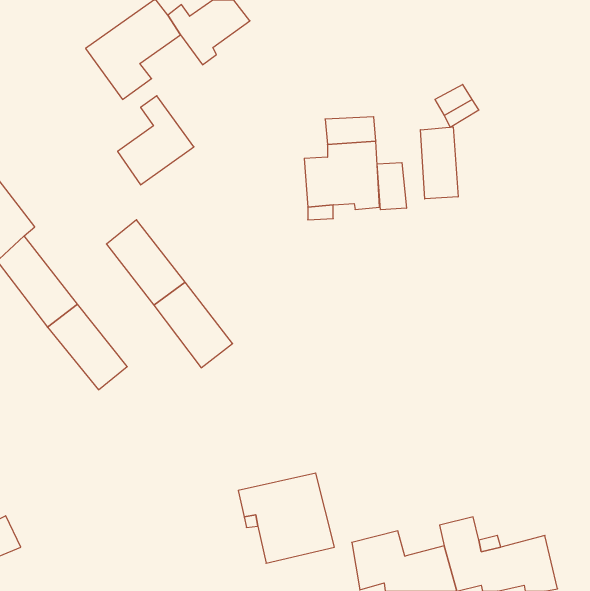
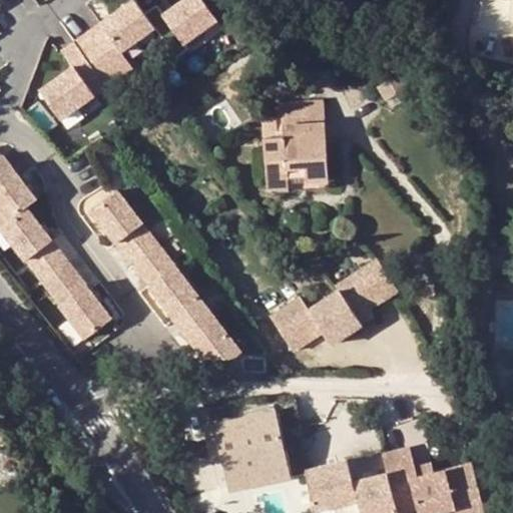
building: [118,96,194,185] -> [40,42,106,119]
building: [420,127,458,199] -> none
building: [377,163,406,210] -> none
building: none -> [271,258,399,350]
building: none -> [174,298,242,358]

